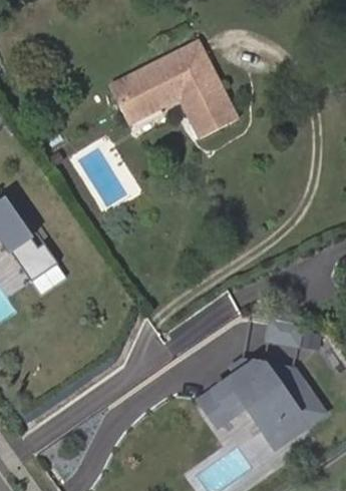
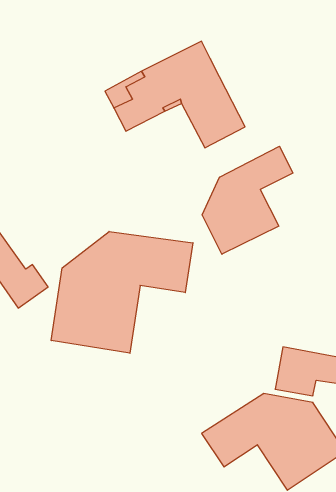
building: none -> [202,146,293,254]
building: none -> [51,231,193,353]

